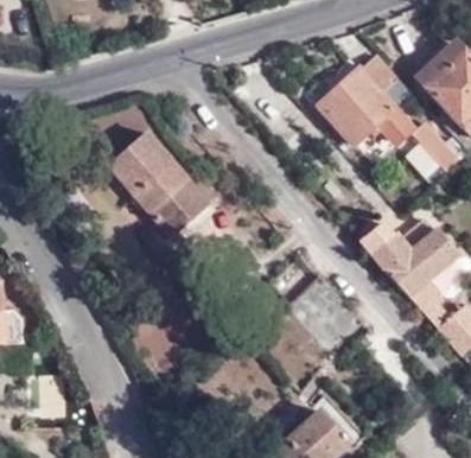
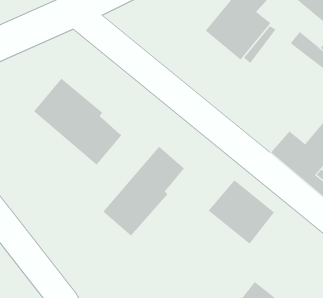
building: none -> [103,146,185,237]

